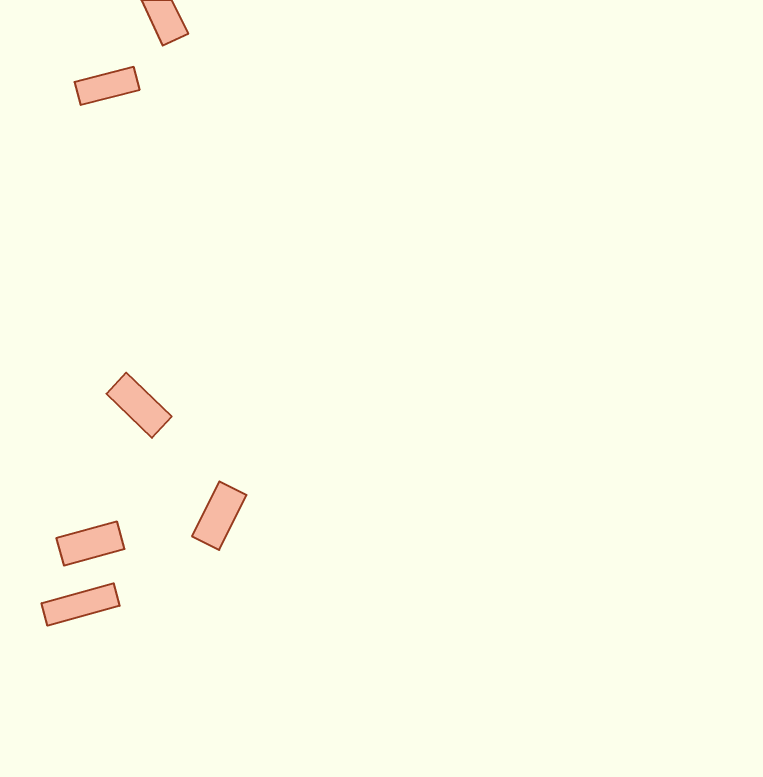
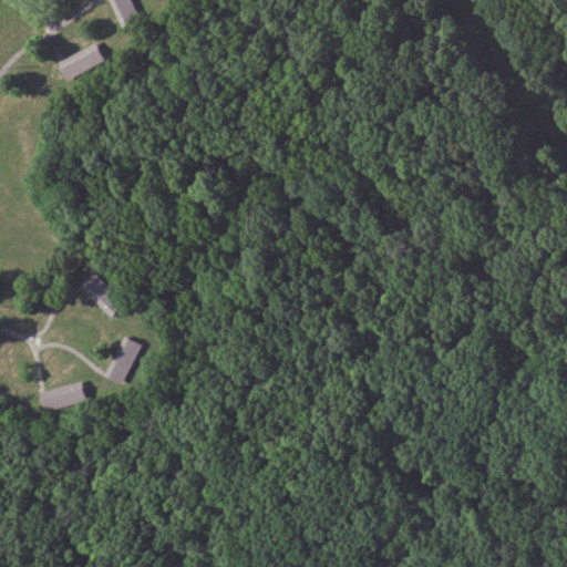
building: [192,481,247,550] -> [106,333,146,383]
building: [42,583,120,626] -> none

